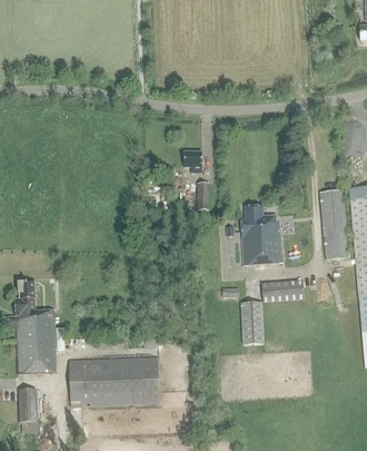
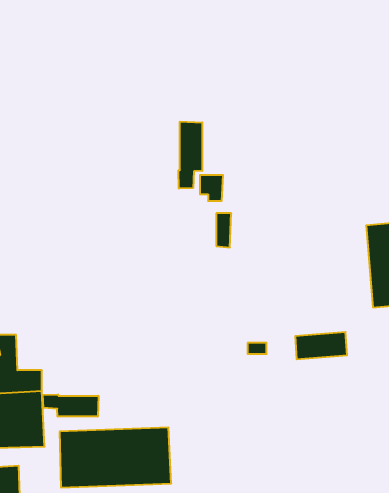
building: none -> [178,122,202,189]
building: [241,206,282,264] -> none
building: [240,301,264,343] -> none
building: none -> [43,394,98,417]

